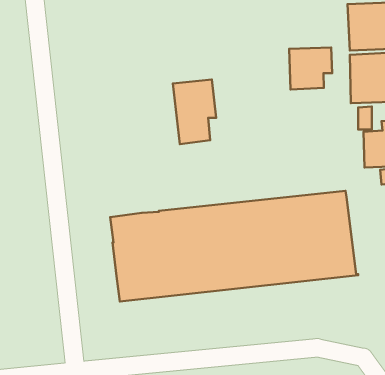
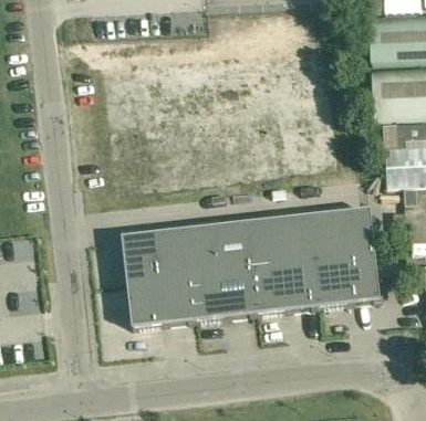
building: [289,48,332,89] -> none
building: [173,80,216,144] -> none

